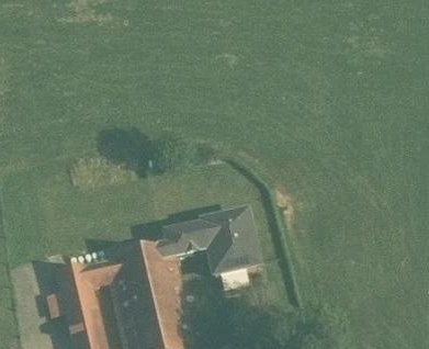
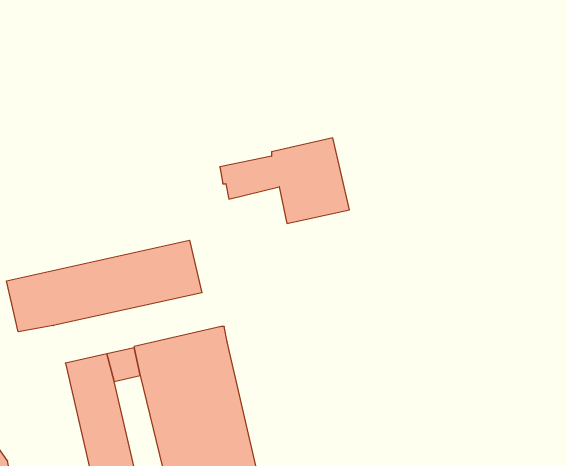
building: none -> [7,240,202,332]
building: [168,209,261,270] -> [220,138,349,223]

